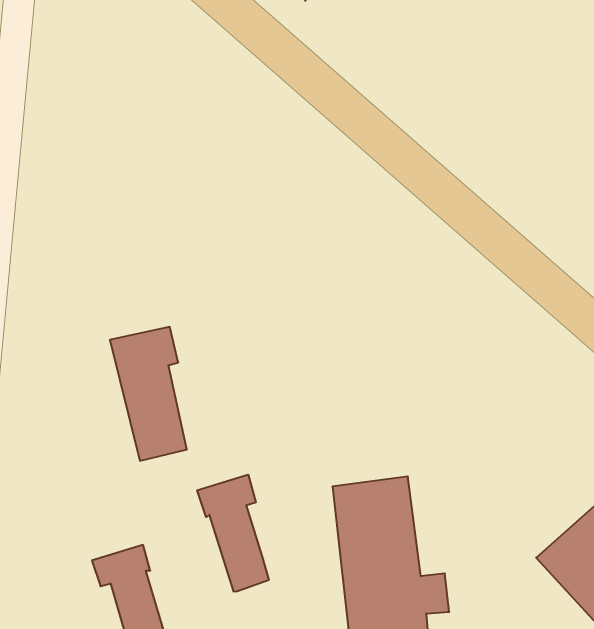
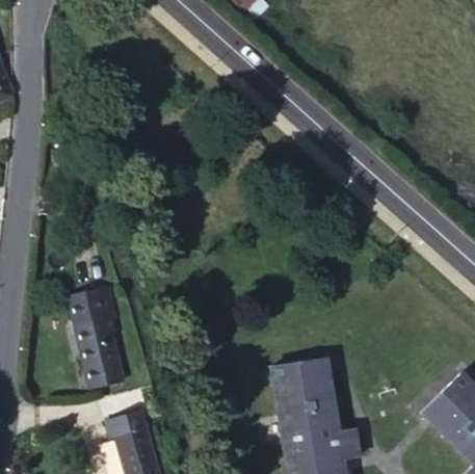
building: [110,327,187,461] -> [65,283,122,380]
building: [197,475,269,592] -> none

